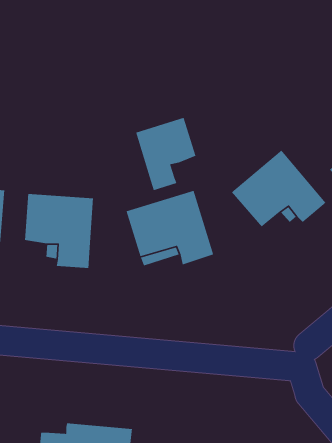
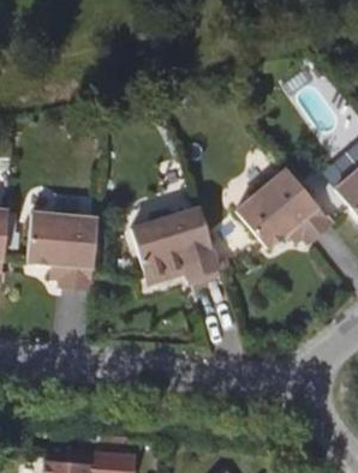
building: [135,117,196,191] -> none

